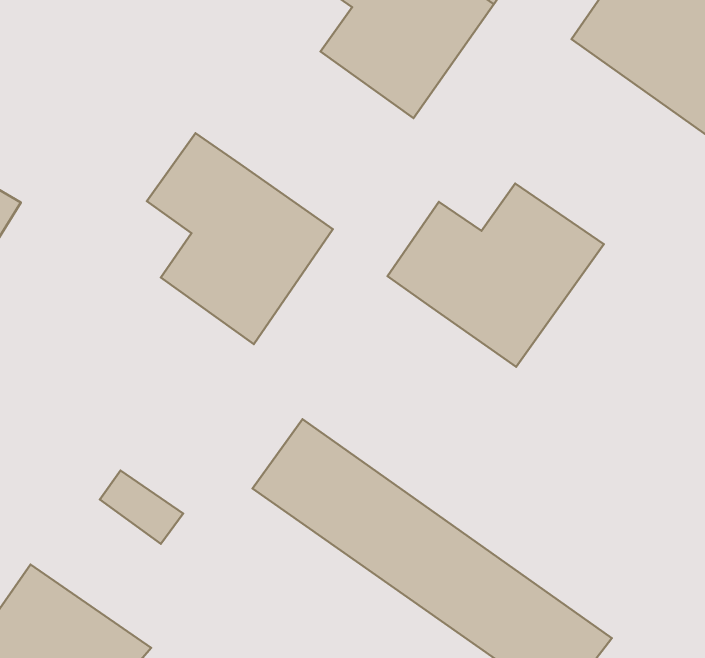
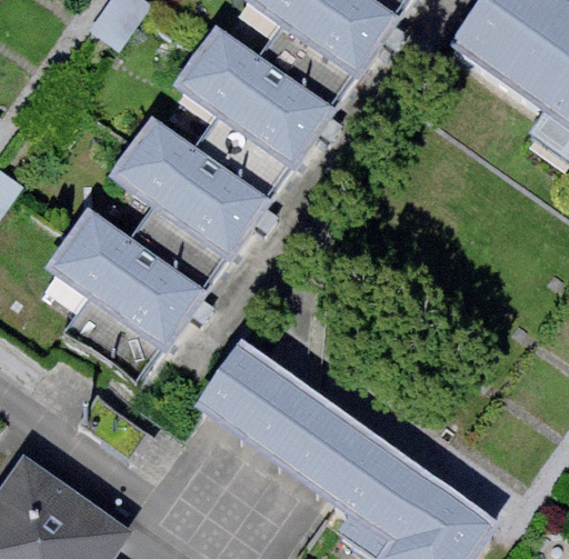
building: none -> [181,29,331,197]
building: [388,183,604,367] -> none
building: none -> [52,210,203,383]

